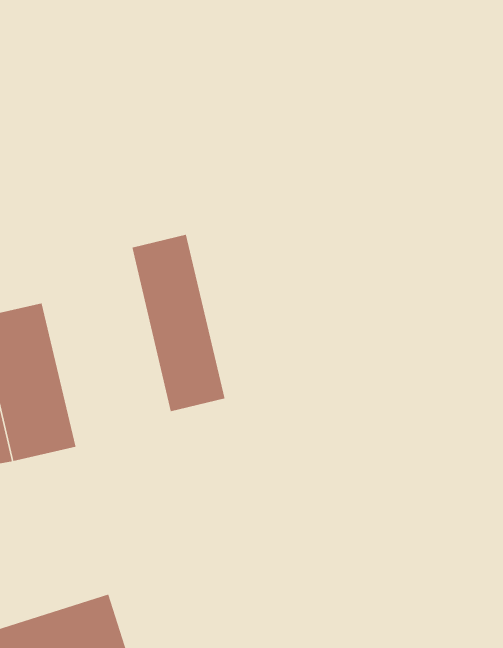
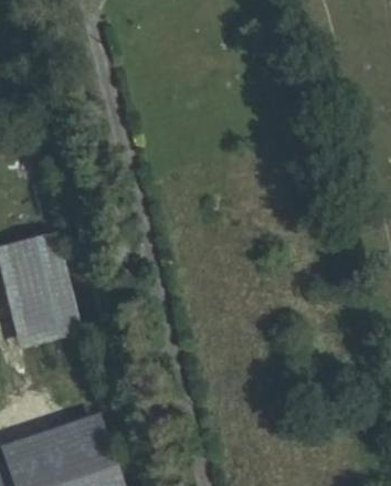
building: [131,234,225,412] -> none

